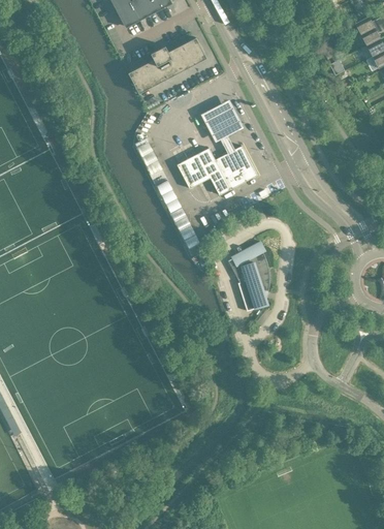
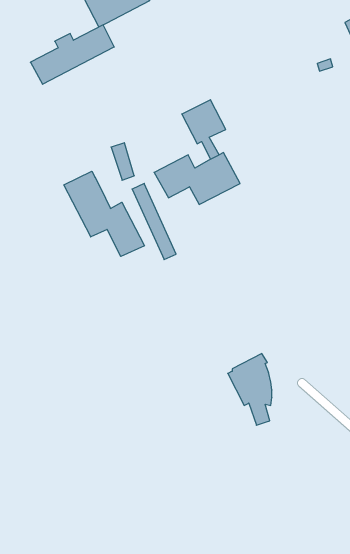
building: [128,37,206,93] -> [30,25,114,84]
building: none -> [64,171,144,256]
building: [228,242,269,309] -> [228,354,272,425]

